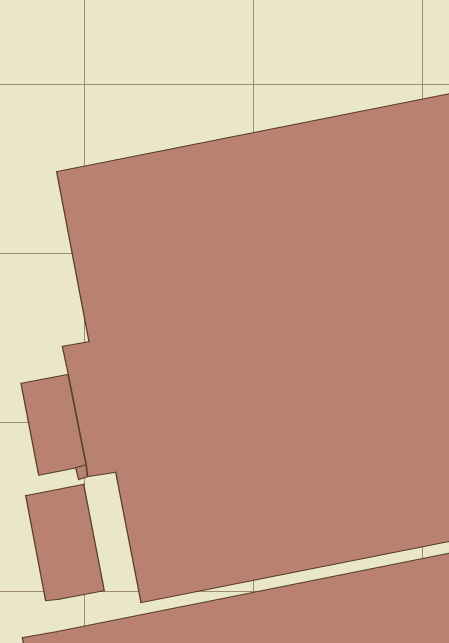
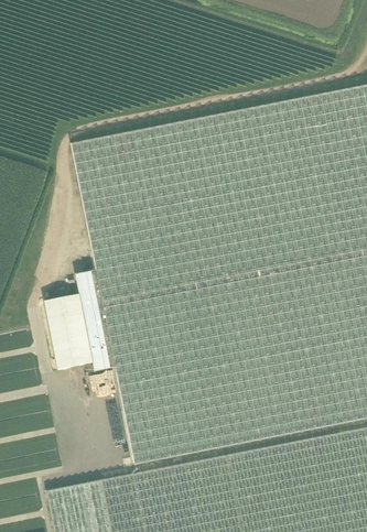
building: [26,484,104,601] -> none

